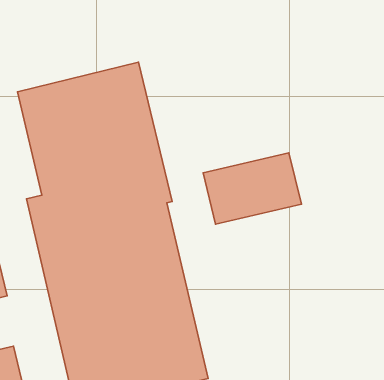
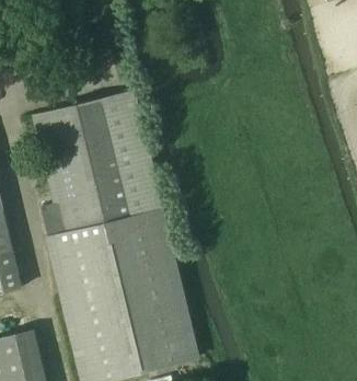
building: [203,153,301,224] -> none

